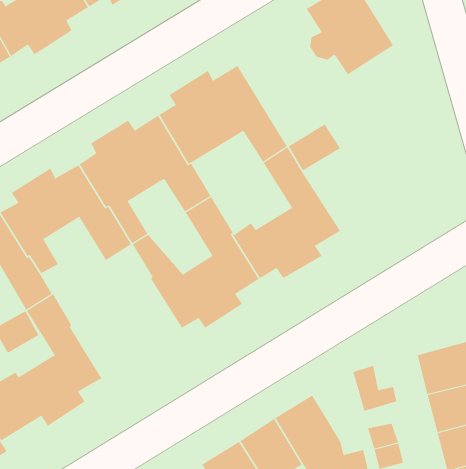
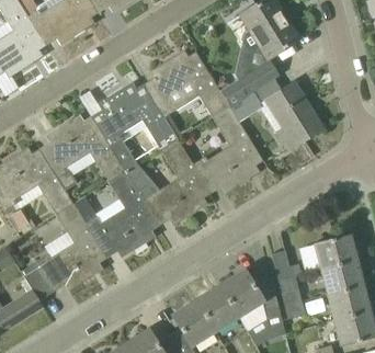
building: none -> [219,64,273,105]
building: none -> [265,82,321,149]
building: none -> [84,170,158,259]

